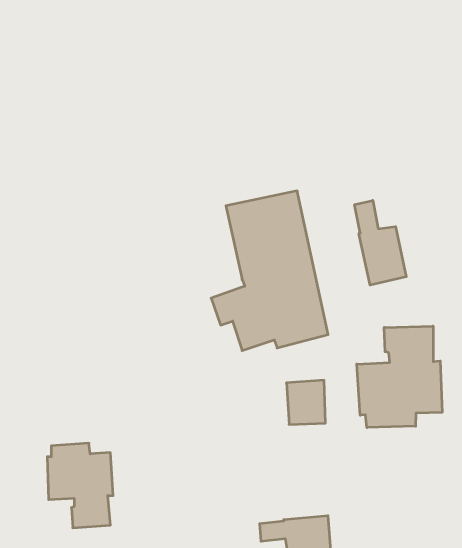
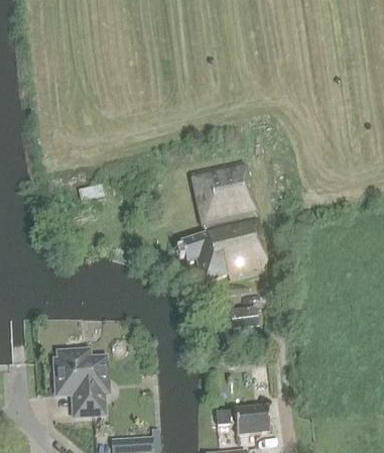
building: [355,200,406,285] -> none
building: [357,326,442,428] -> none

